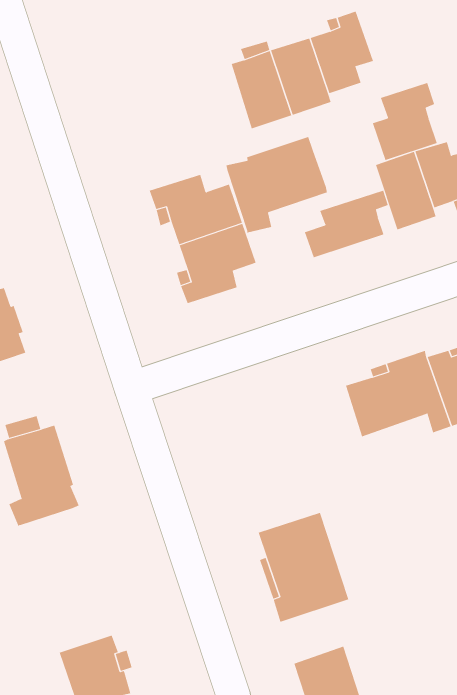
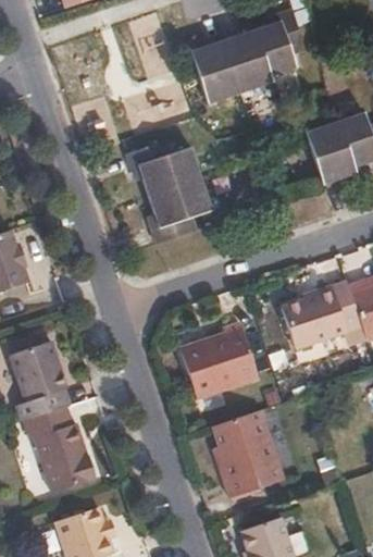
building: [372,82,437,161] -> none
building: [226,136,327,233] -> none
building: [304,190,388,258] -> none
building: none -> [179,322,258,398]
building: none -> [23,406,98,493]

